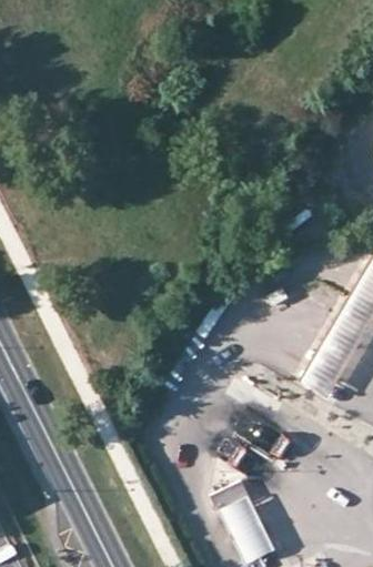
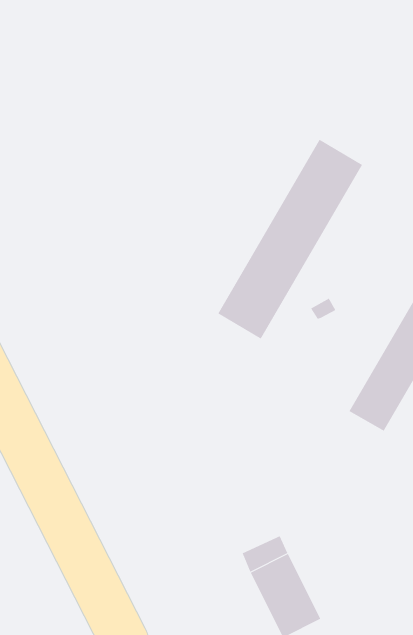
building: none -> [217,139,363,339]

